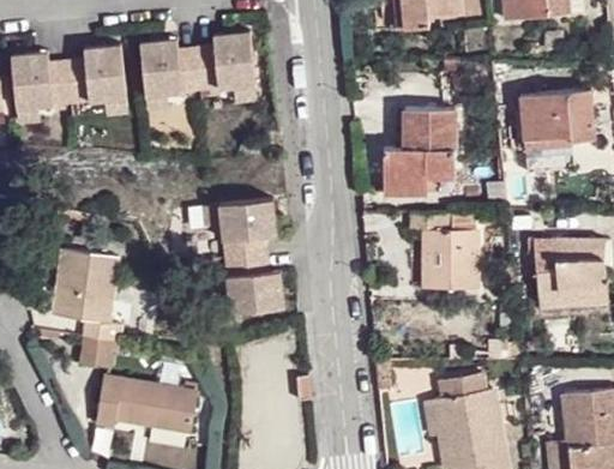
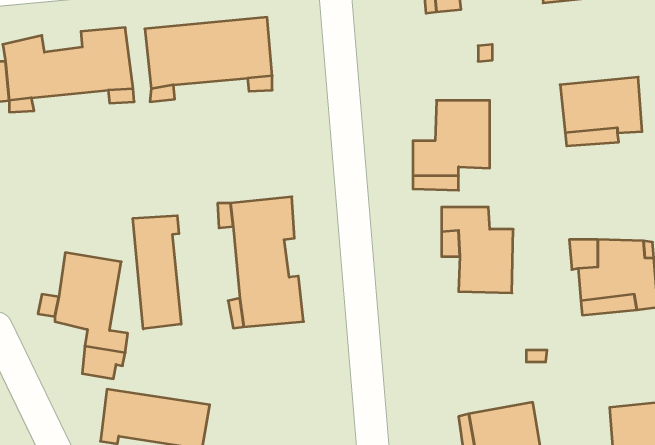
building: none -> [133,216,181,329]

